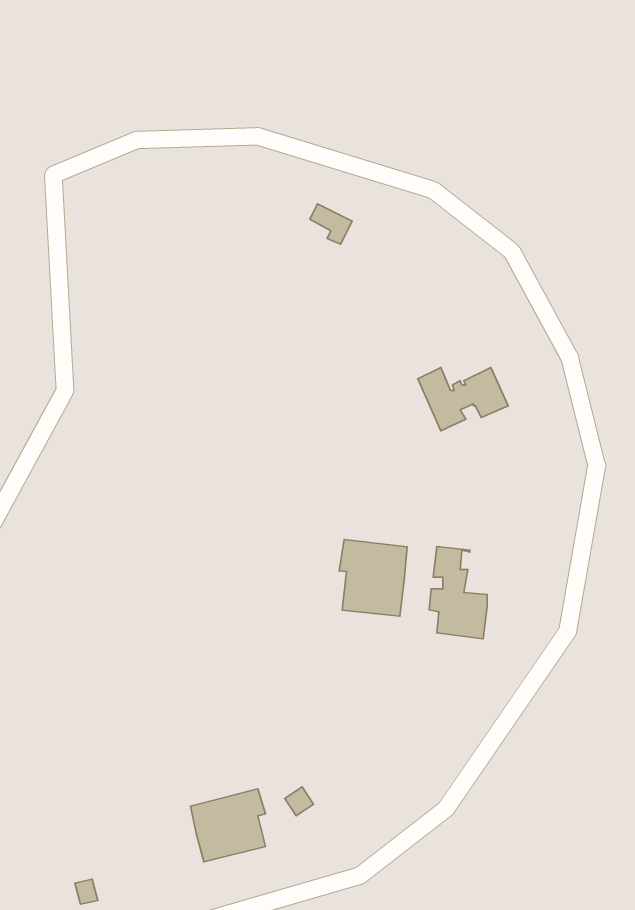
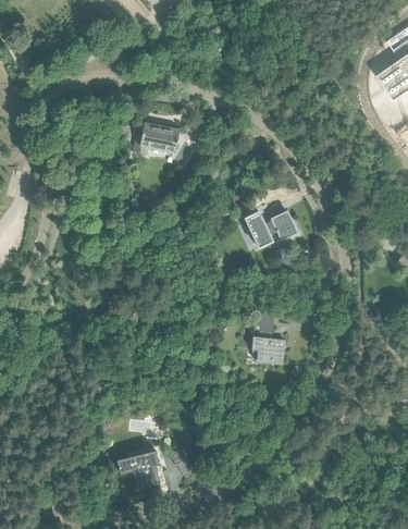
building: none -> [133,123,184,155]
building: [339,539,407,616] -> none

